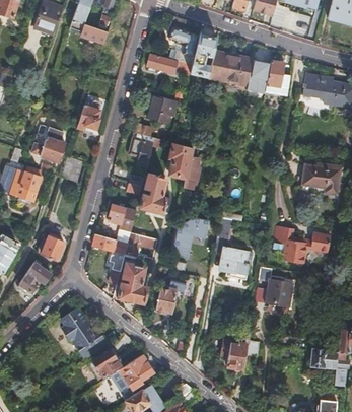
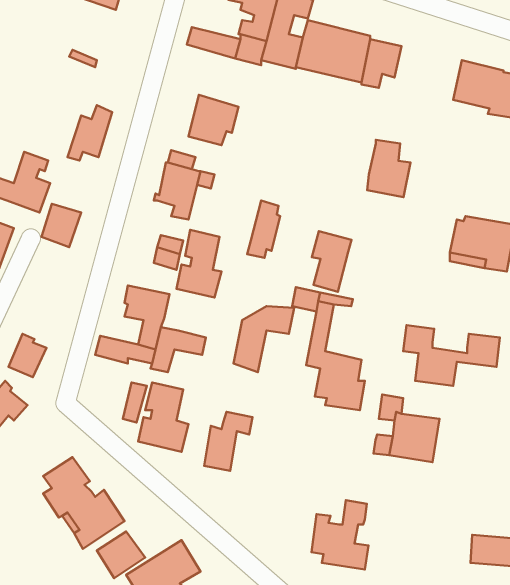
building: [266,63,291,96] -> [367,140,410,197]
building: [167,143,191,179] -> [312,231,352,292]

